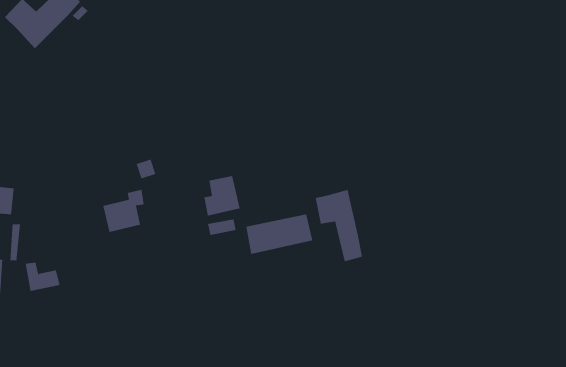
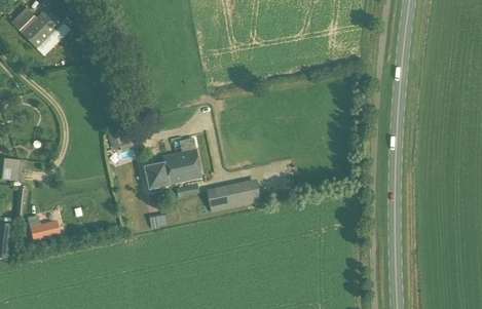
building: [315,189,362,262] -> none
building: [102,189,145,233] -> [144,152,178,187]

